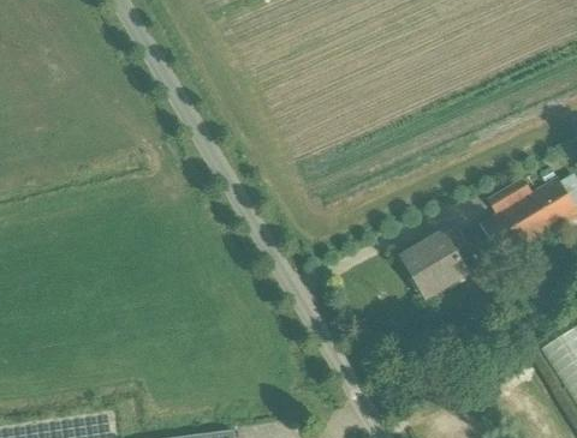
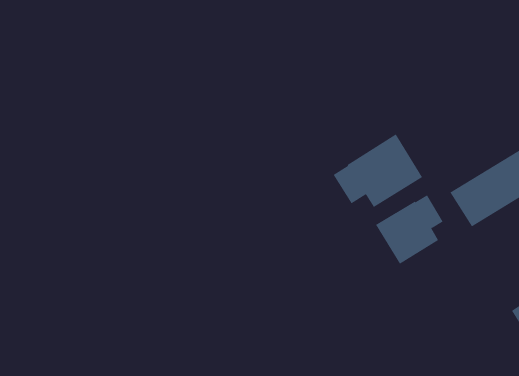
building: none -> [333,133,423,208]

